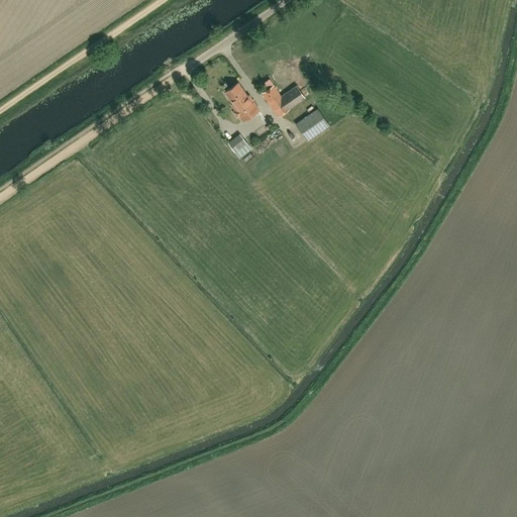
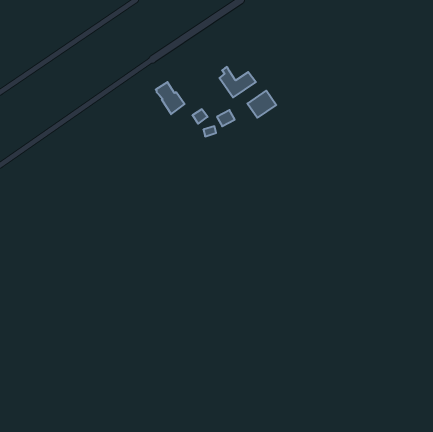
building: [224,84,258,122] -> [156,82,185,114]

